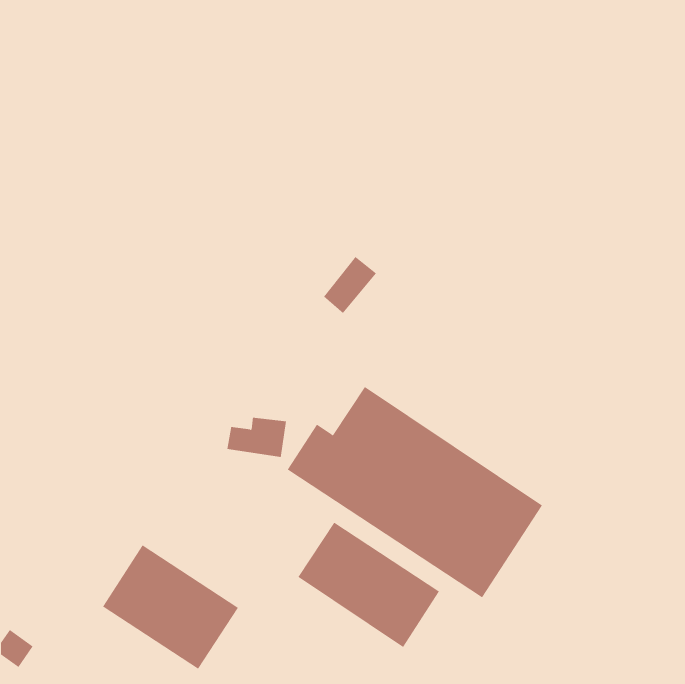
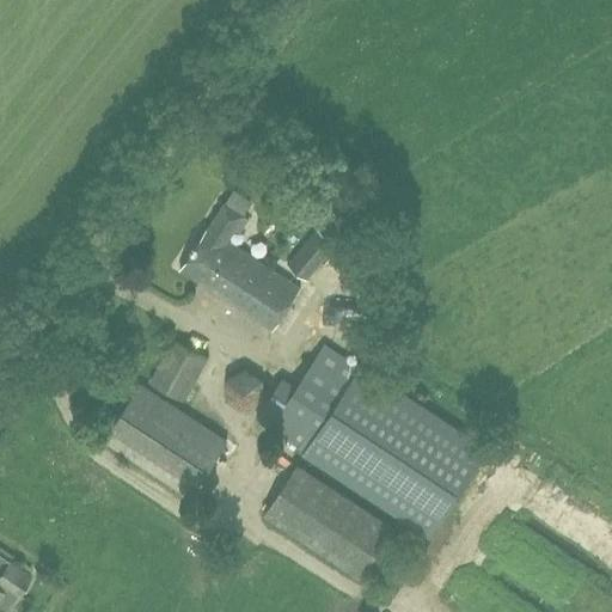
building: none -> [179,203,300,331]
building: none -> [149,341,206,402]
building: [102,545,239,669] -> [104,386,226,497]

